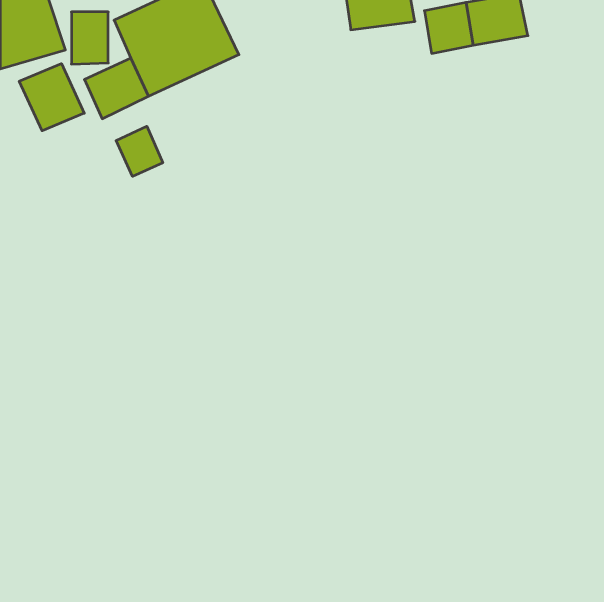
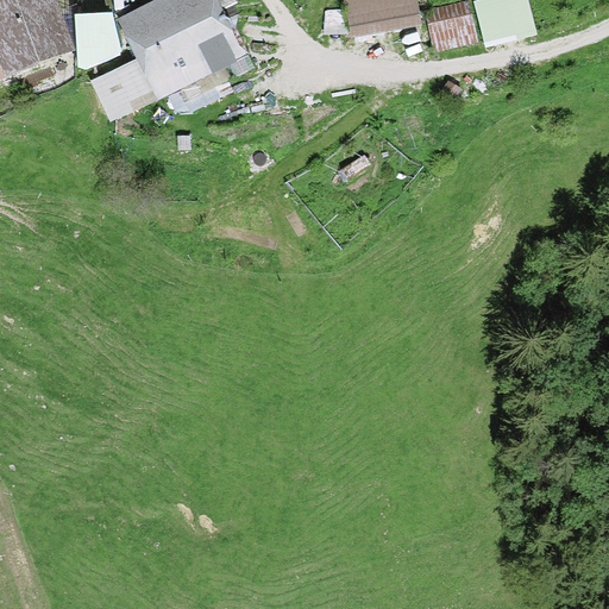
building: [19,64,84,131] -> none
building: [116,126,163,176] -> none

